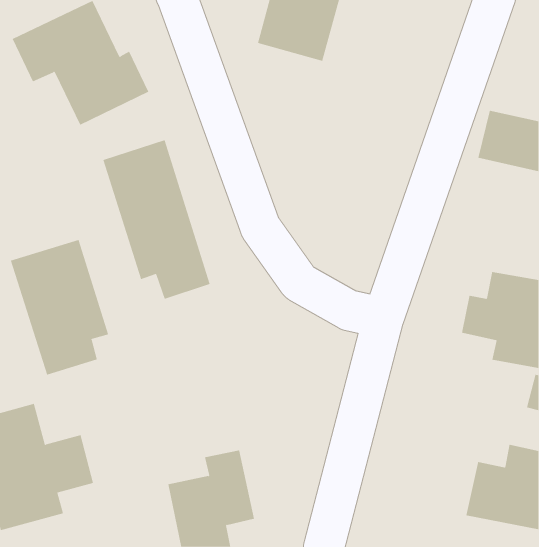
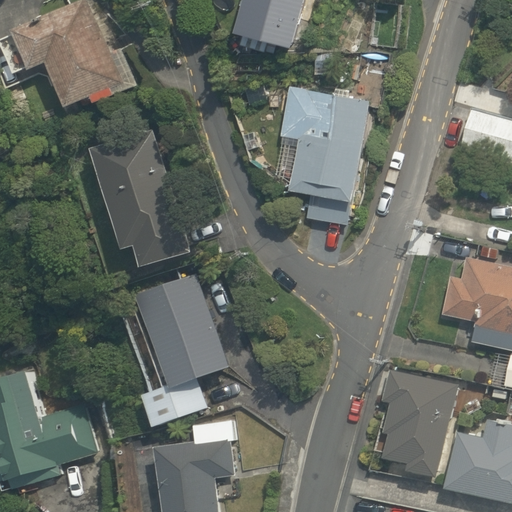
building: none -> [271,85,390,227]
building: [10,239,109,376] -> none
building: none -> [131,280,231,429]
building: none -> [361,362,448,469]

